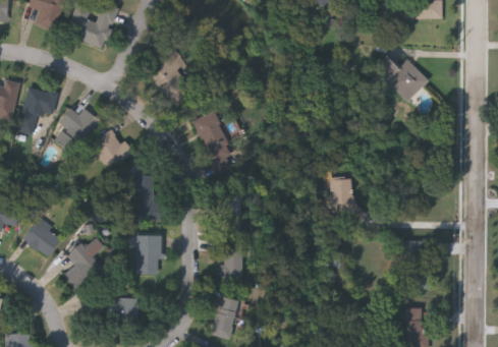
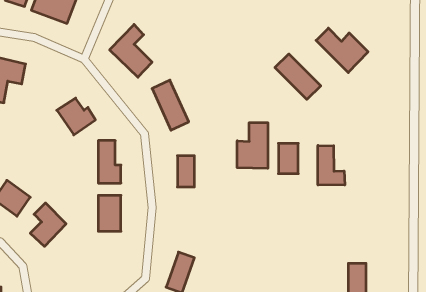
building: none -> [275,54,321,99]
building: [53,108,100,155] -> none
building: none -> [237,123,268,168]
building: none -> [318,145,345,185]
building: [221,239,241,280] -> none
building: [102,297,136,325] -> none

